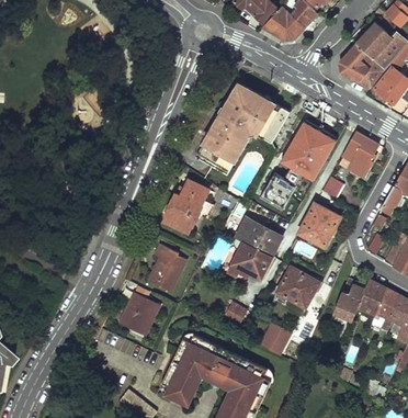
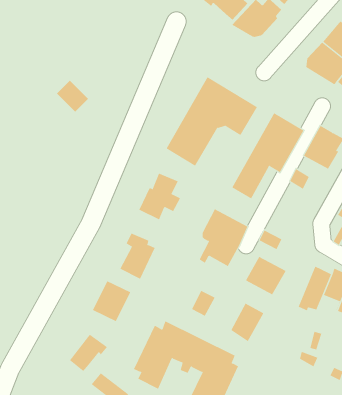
building: [298,204,340,248] -> none
building: none -> [69,334,108,372]

